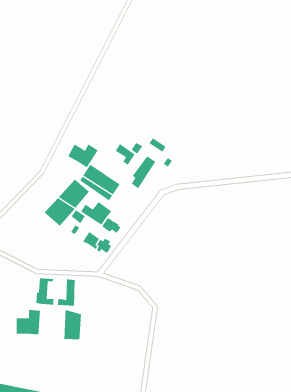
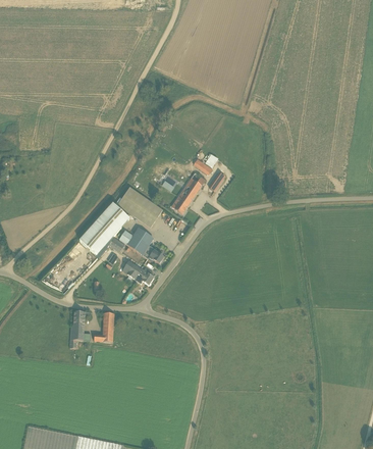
building: [68,144,99,168] -> none
building: [64,309,82,340] -> none
building: [16,309,41,335] -> none

